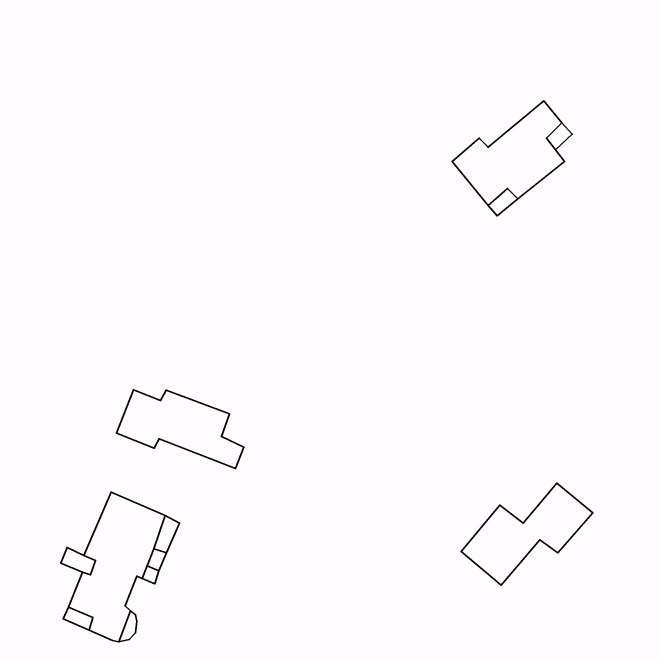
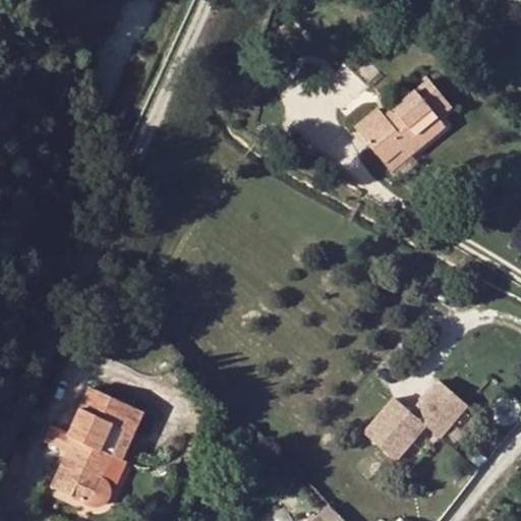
building: [117,390,244,469] -> none

